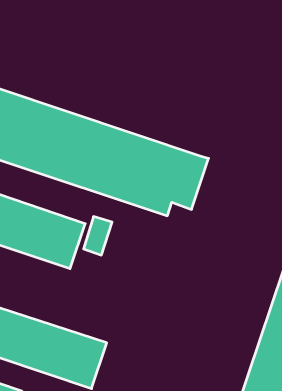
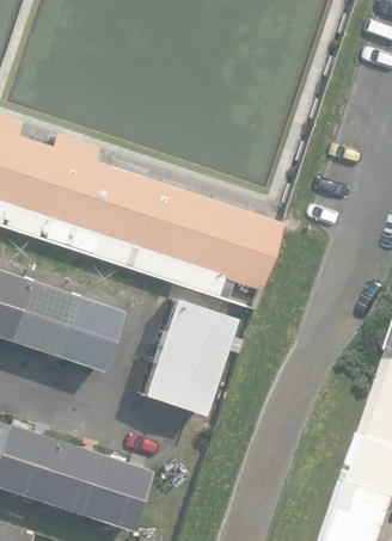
building: none -> [139,297,231,413]

